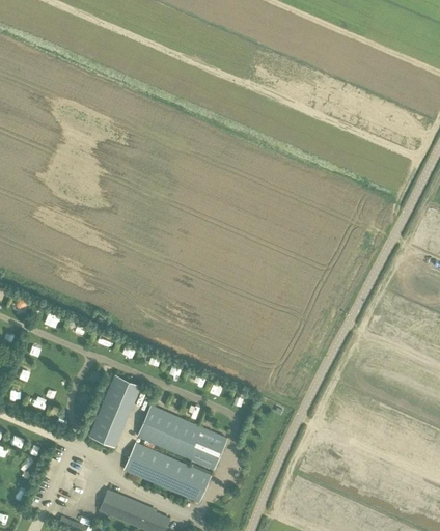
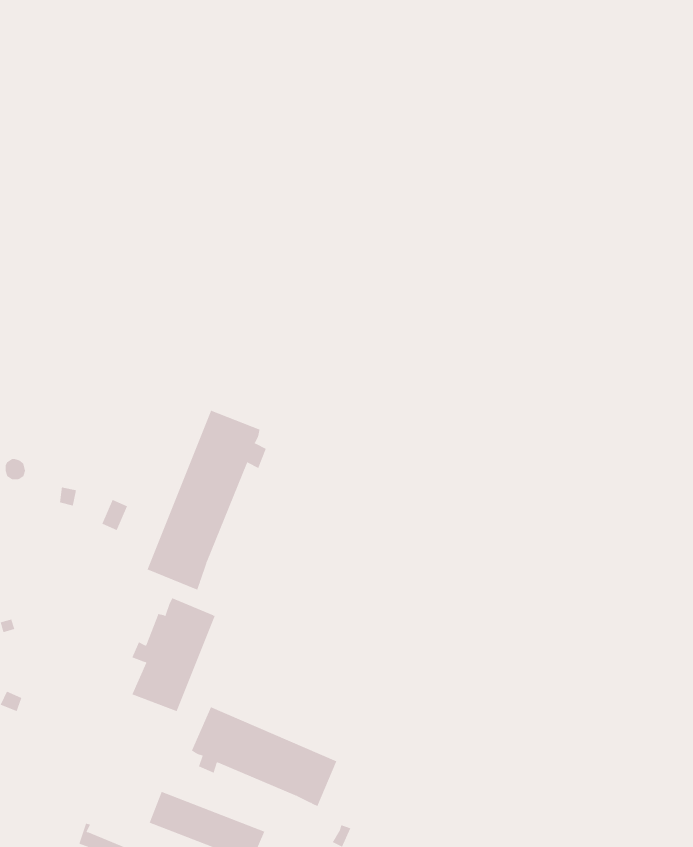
building: none -> [147,410,266,590]
building: [138,406,227,469] -> none

